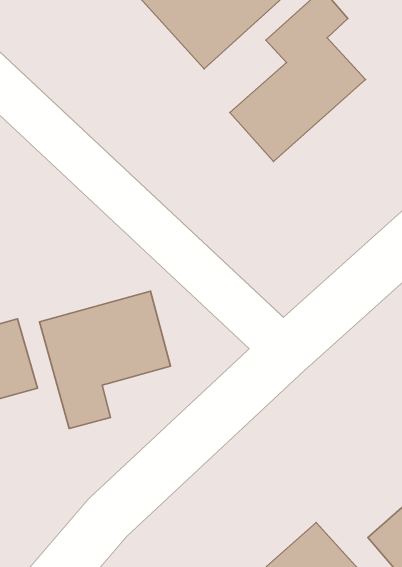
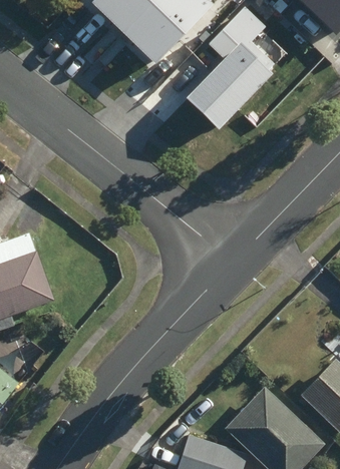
building: [40,291,171,429] -> none

